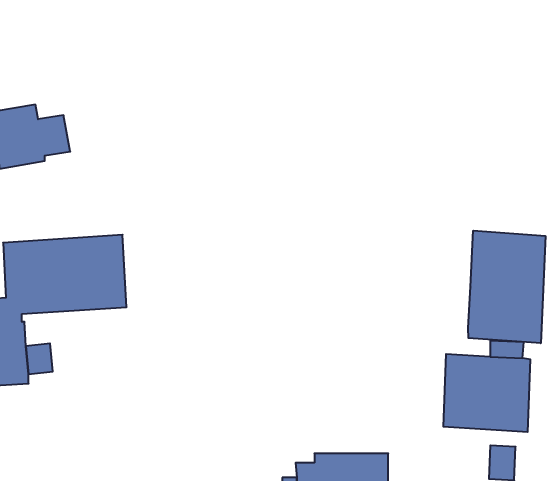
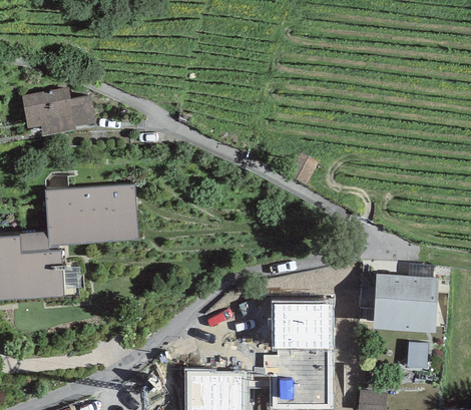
building: [468,231,545,343] -> none
building: none -> [271,301,332,349]

